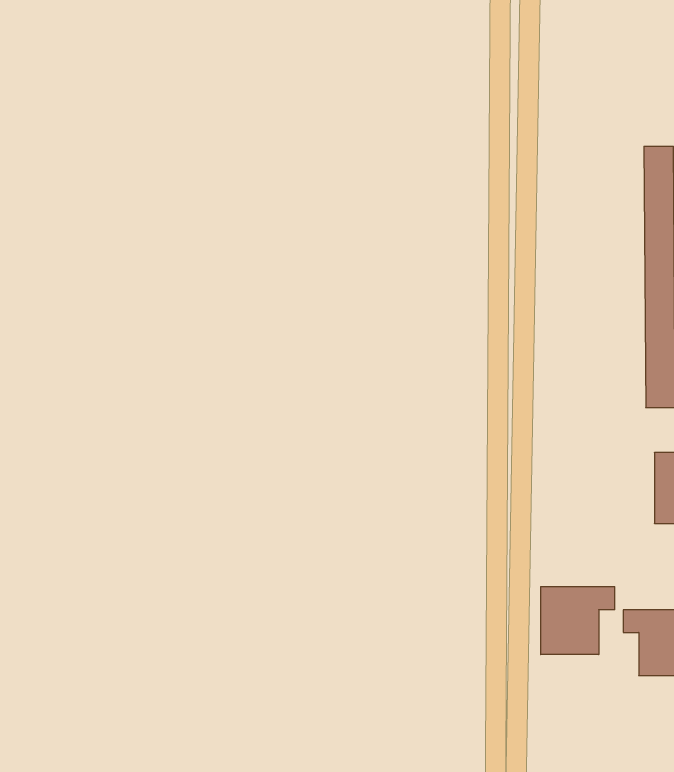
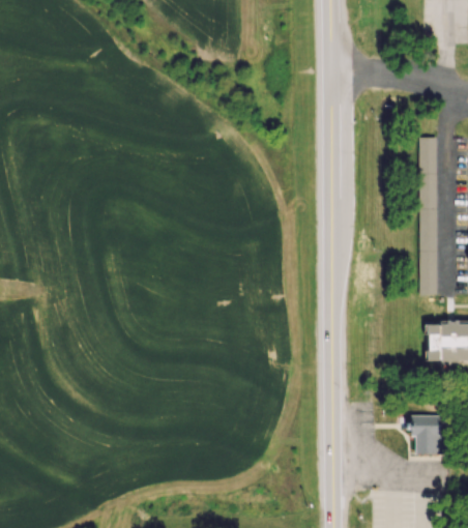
building: [541,587,615,655] -> none

